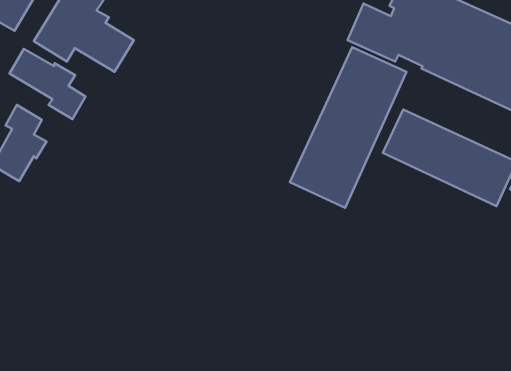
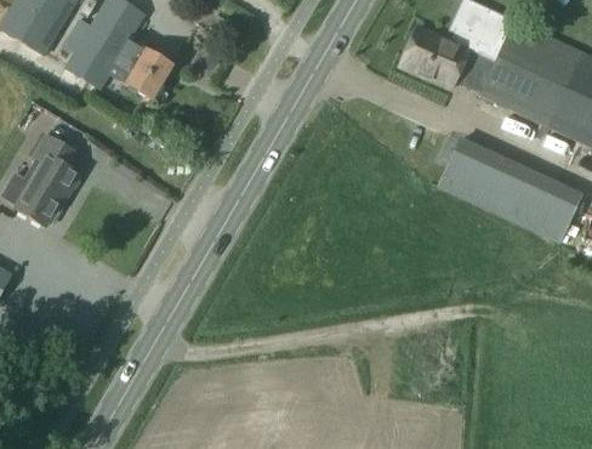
building: [290,47,407,208] -> none
building: [10,49,85,119] -> none

